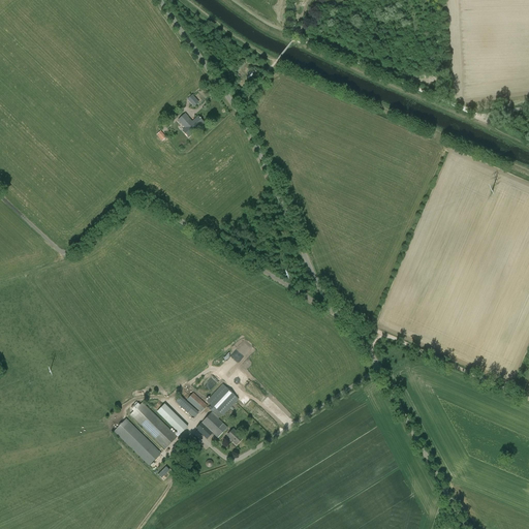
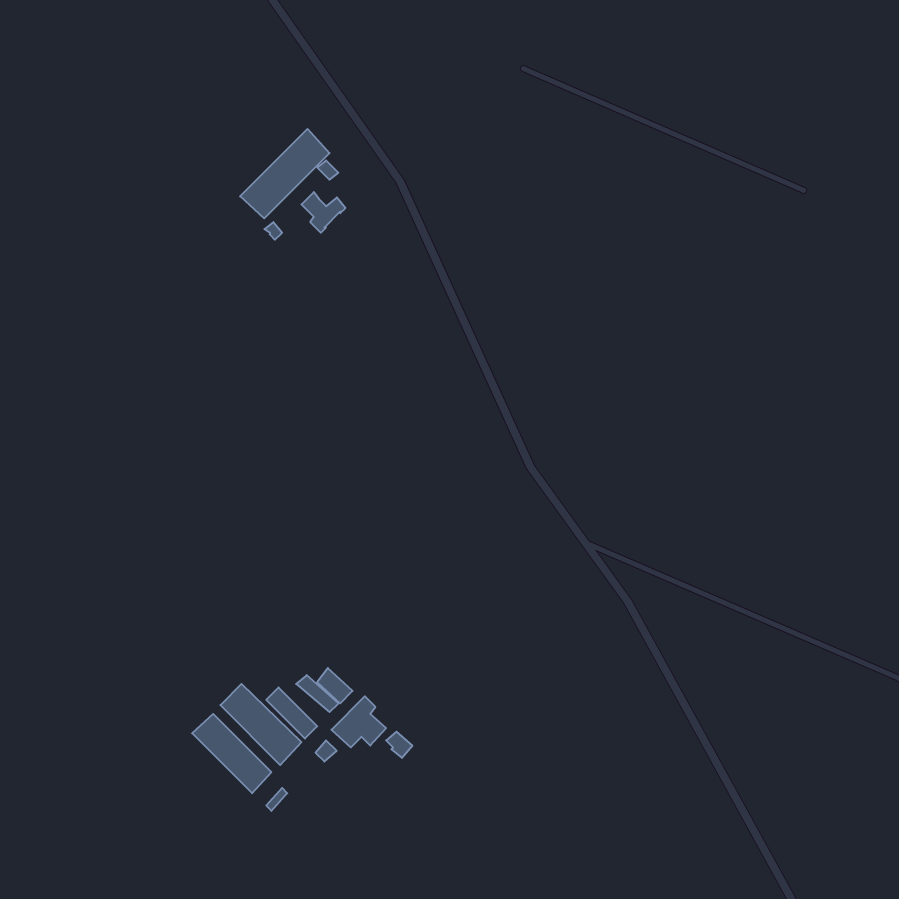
building: none -> [240,129,330,218]
building: [206,383,238,415] -> none

